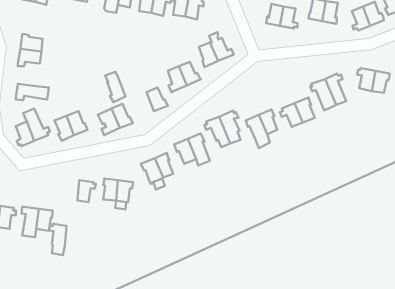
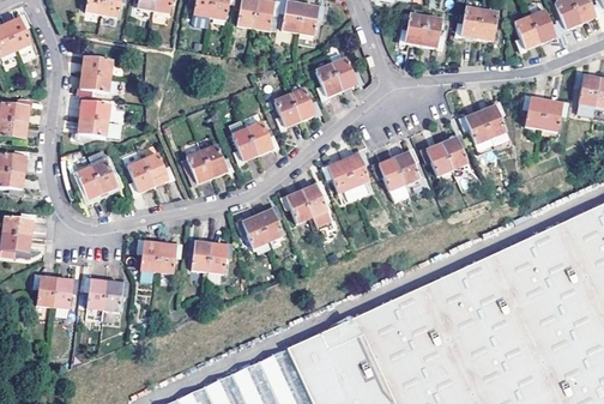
building: none -> [79,95,109,121]
building: [105,72,126,102] -> [230,121,256,161]
building: [49,224,67,255] -> [137,241,159,282]

